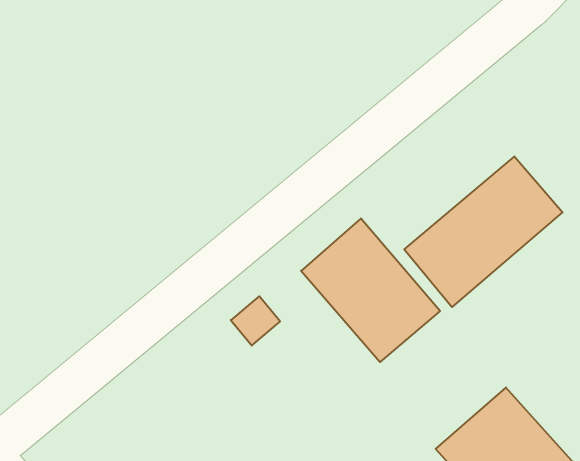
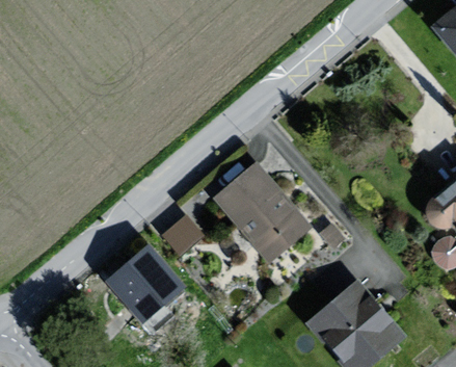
building: [404,156,563,307] -> none
building: none -> [112,246,183,317]

